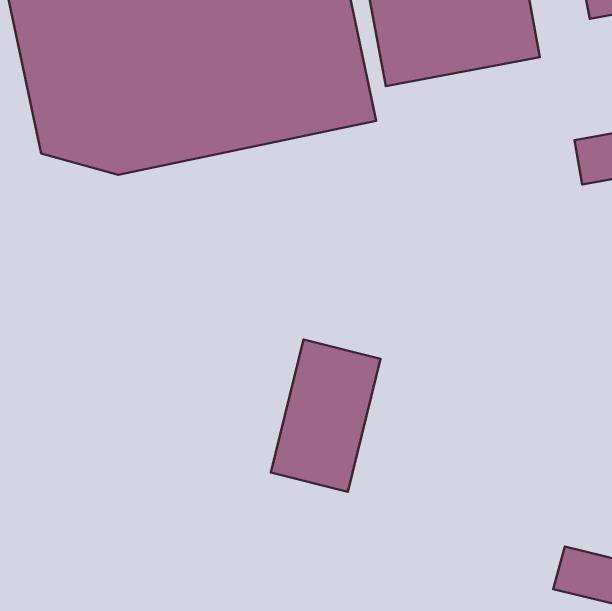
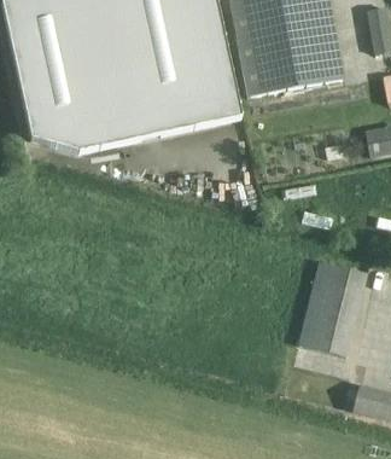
building: [271,340,381,492] -> [297,261,366,356]

